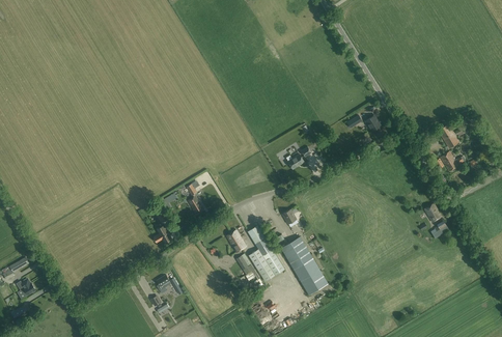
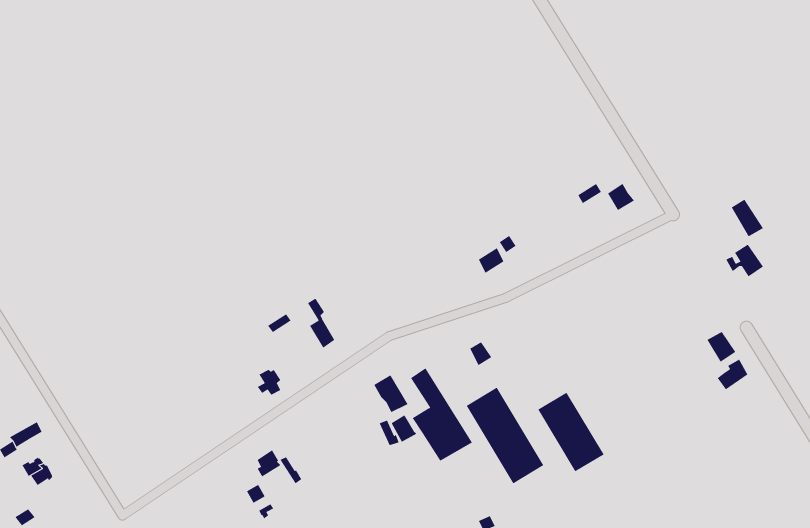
building: none -> [537,392,604,472]

